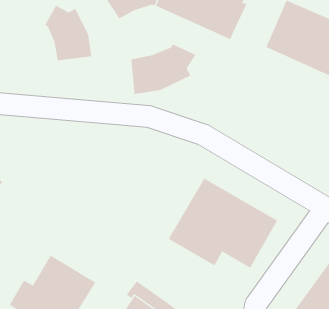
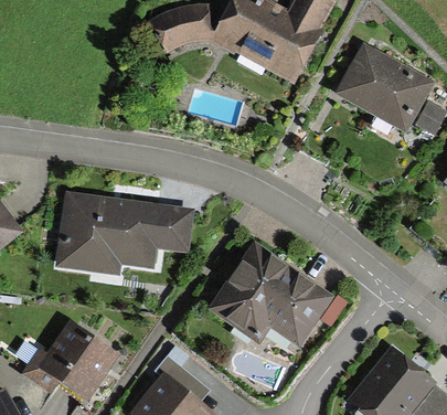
building: [45,5,92,61] -> none
building: [131,44,196,95] -> none
building: none -> [52,191,193,277]

